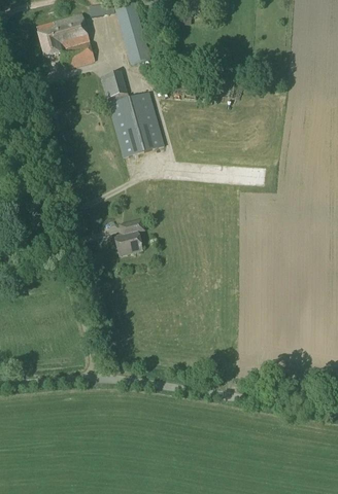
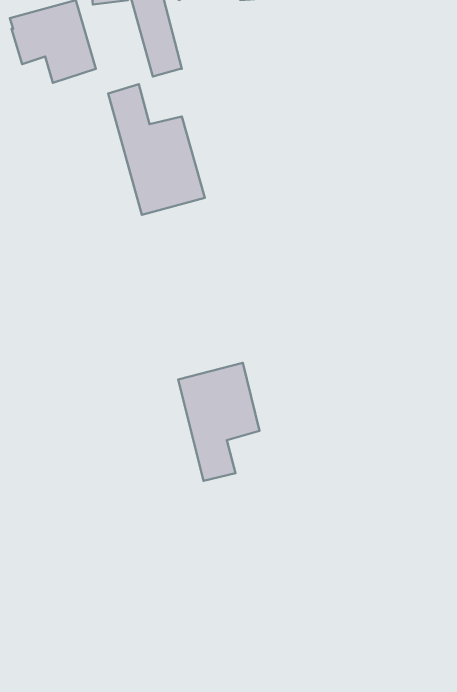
building: [112,218,145,255] -> none
building: none -> [178,363,260,481]

